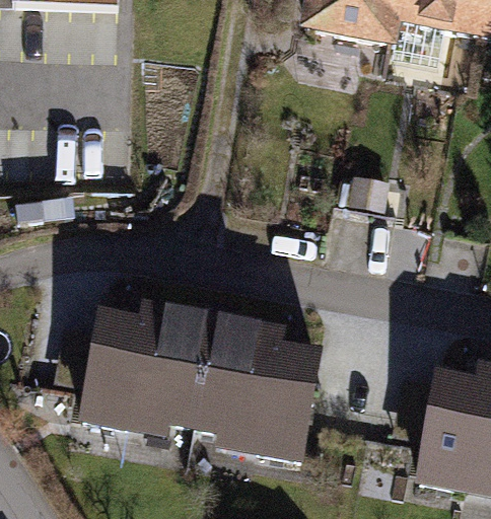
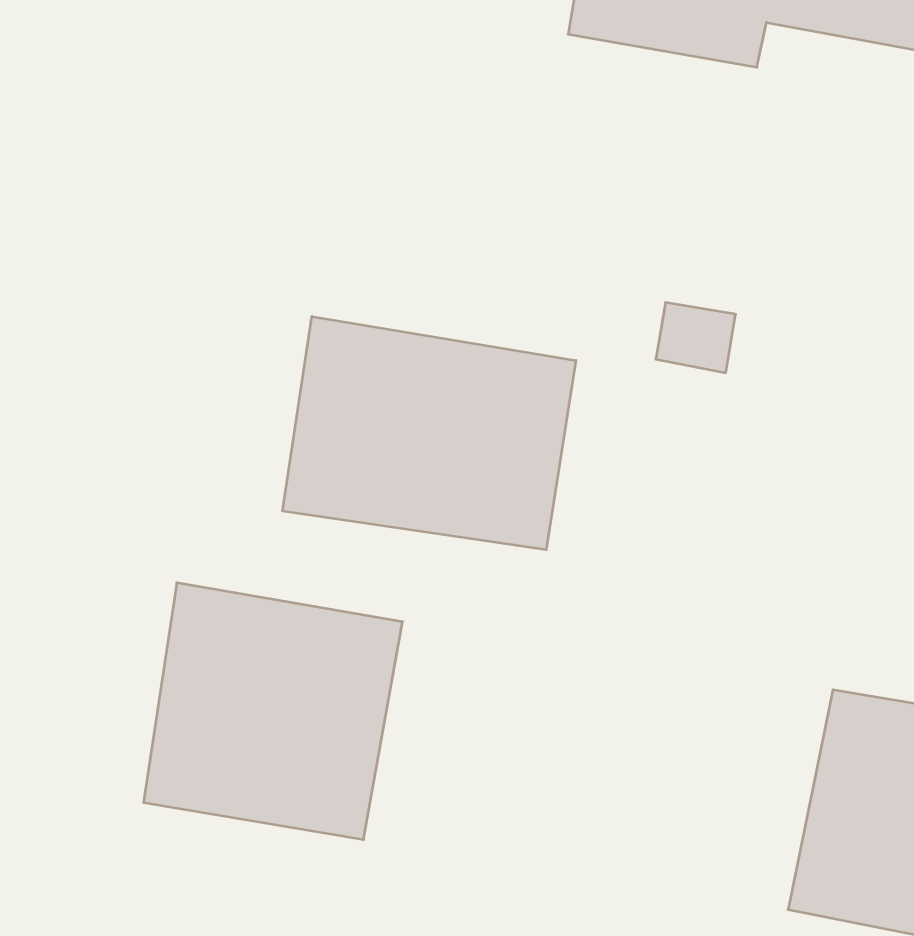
building: none -> [283,316,576,550]
building: [197,332,320,462] -> none

